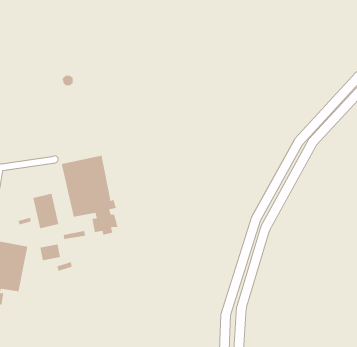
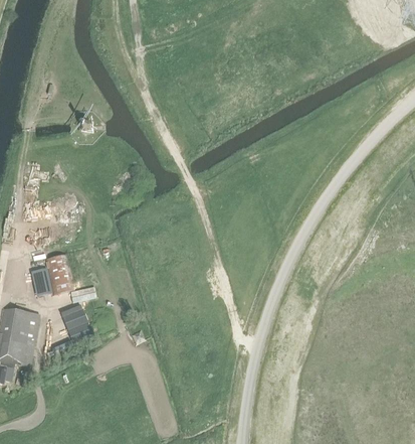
building: [61,155,118,236] -> none

